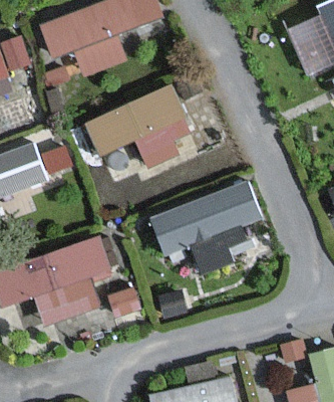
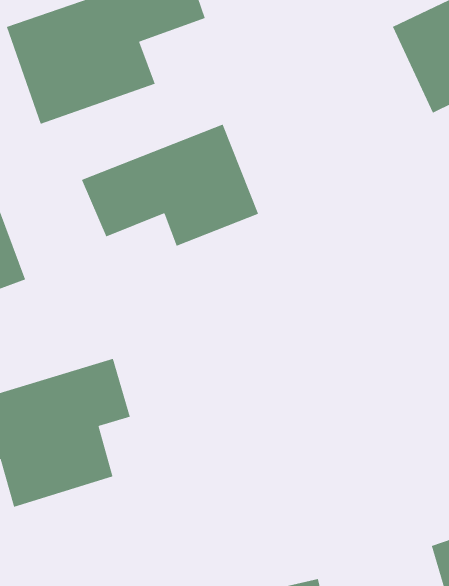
building: [147,178,264,256] -> none

